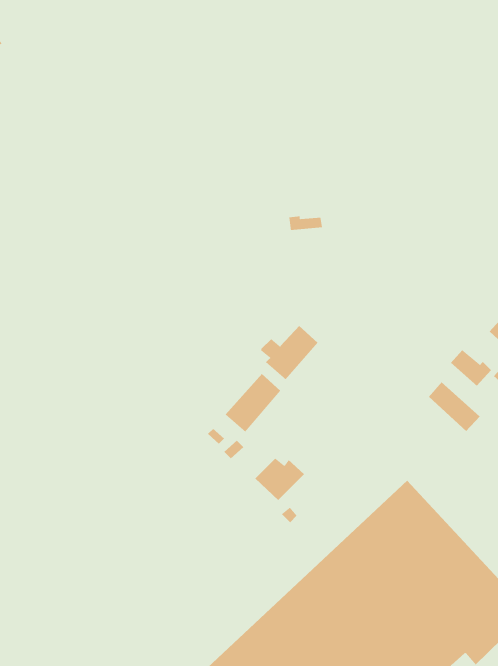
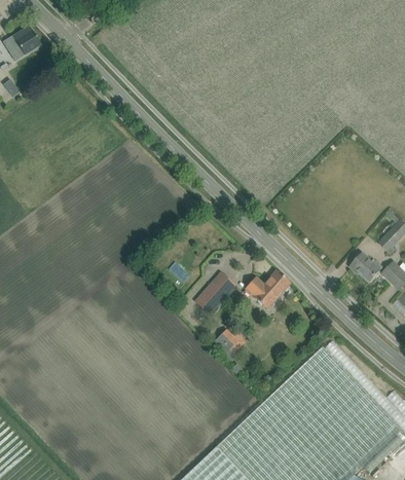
building: [261,325,318,380] -> [250,271,290,309]
building: [428,382,481,432] -> none

